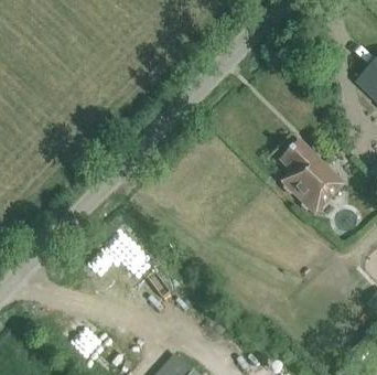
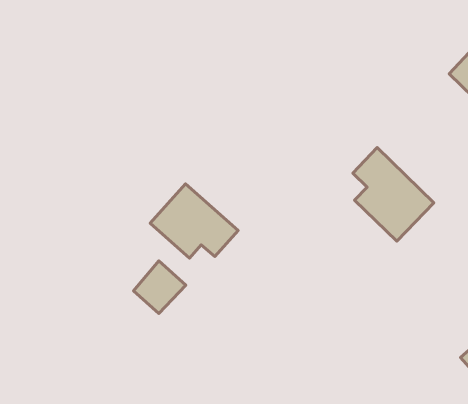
building: none -> [150,184,238,258]

